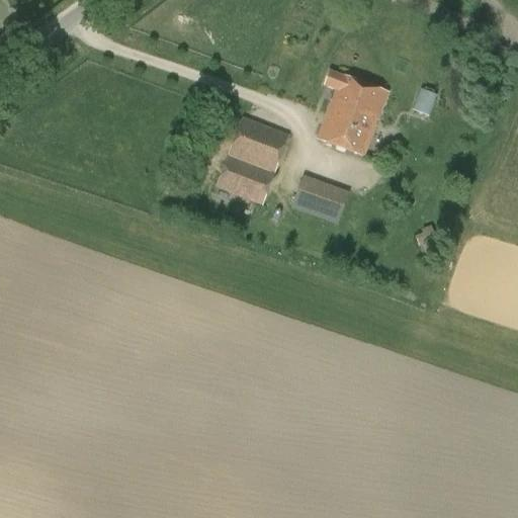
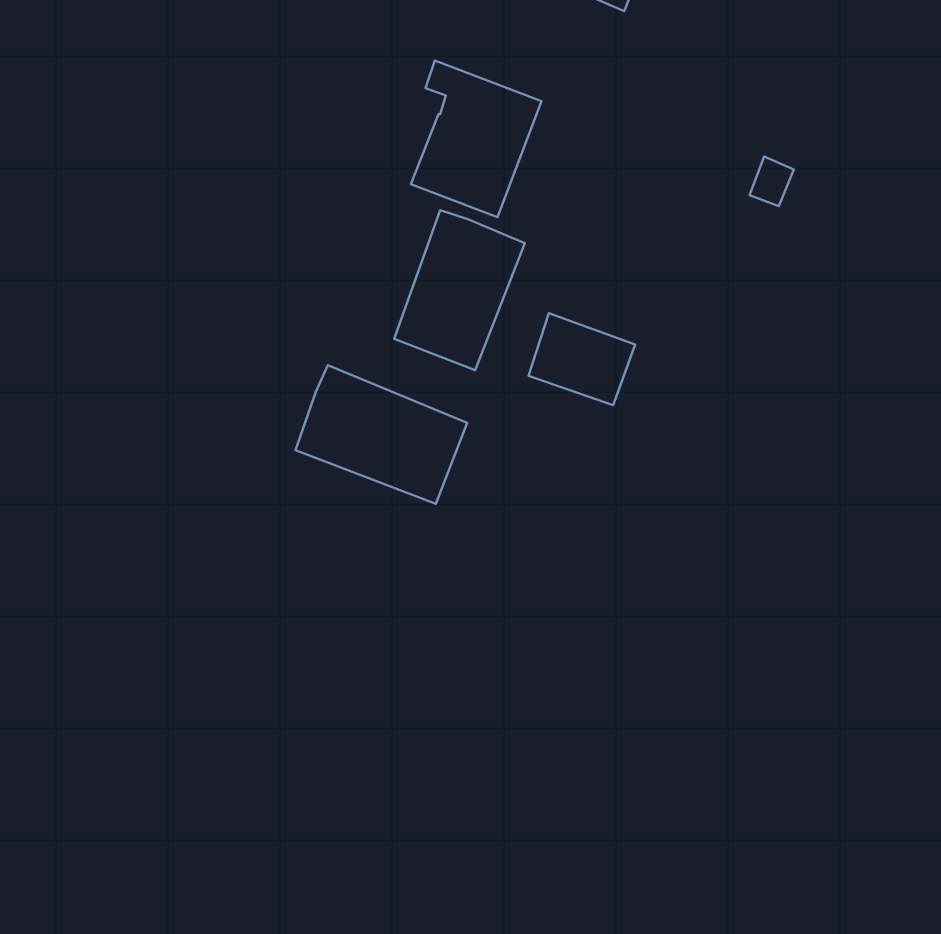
building: [316,69,387,155] -> [411,61,542,217]
building: none -> [295,365,467,504]

